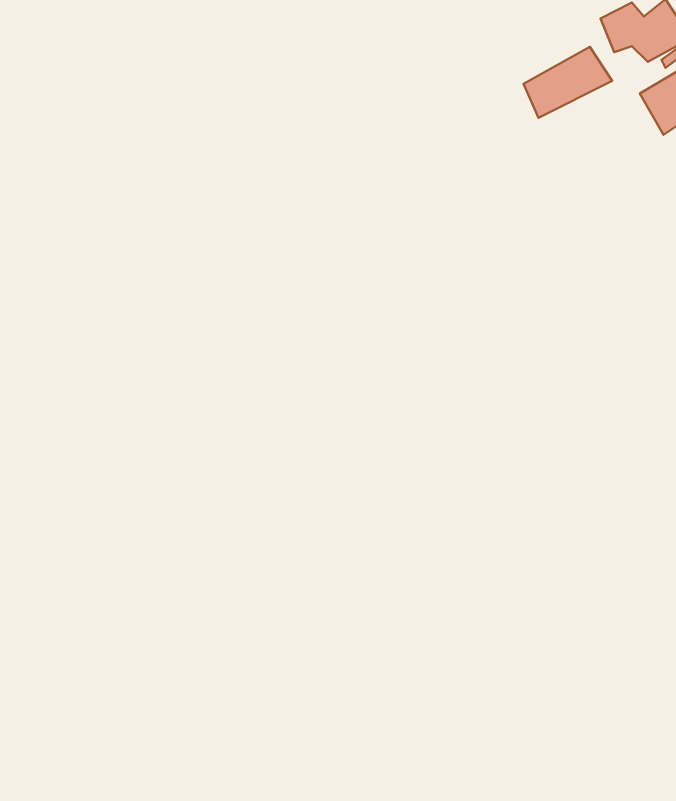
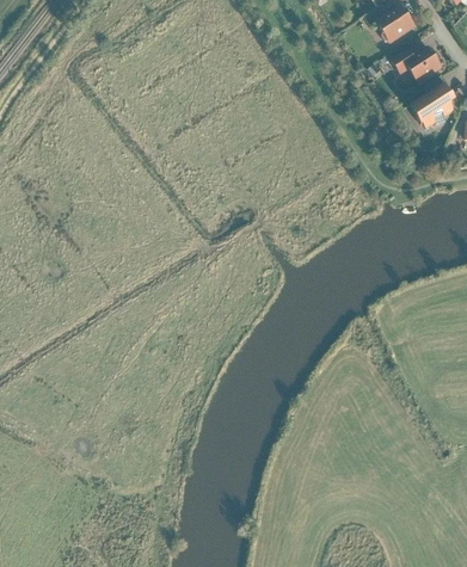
building: [523,47,612,118] -> none

